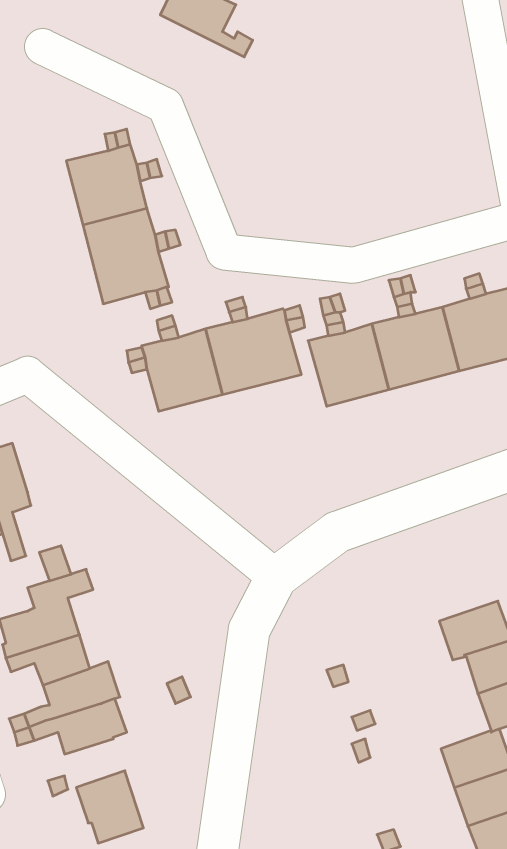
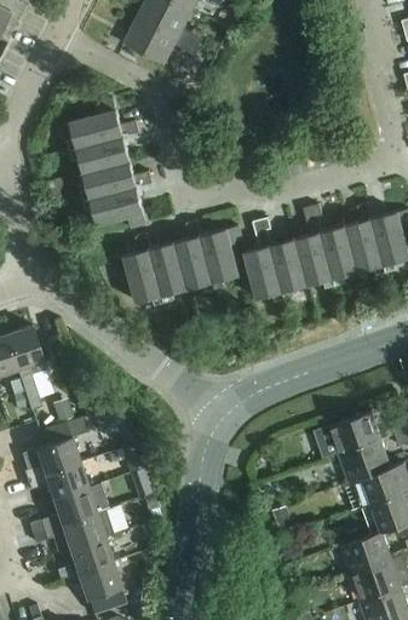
building: none -> [123,17,199,65]
building: none -> [329,412,381,454]
building: none -> [69,539,113,574]

